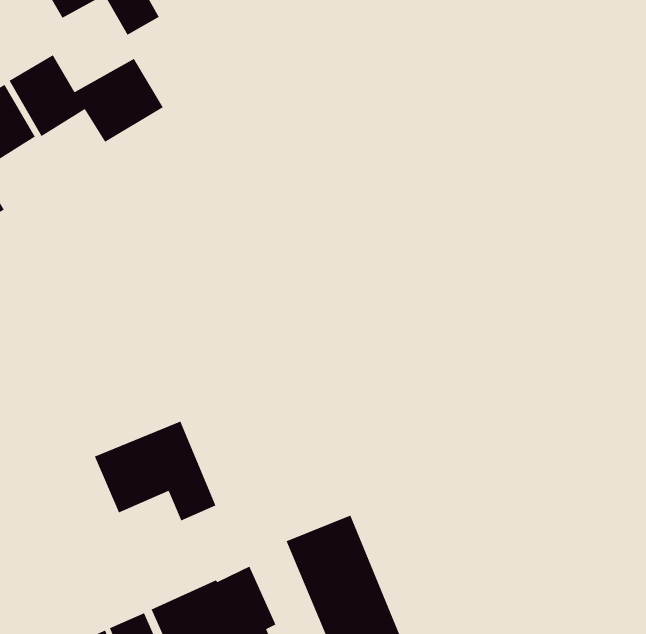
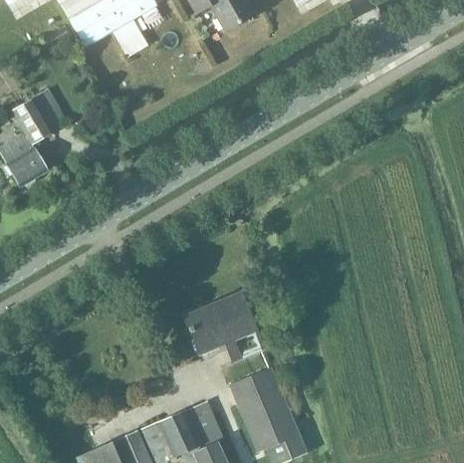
building: [9,54,164,143] -> none
building: [94,420,216,521] -> [184,292,263,358]

